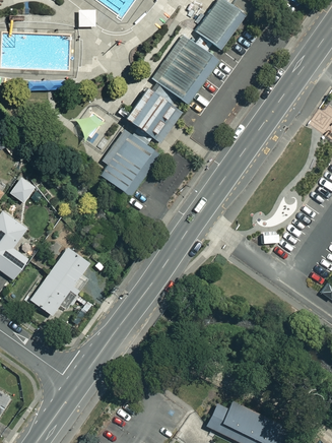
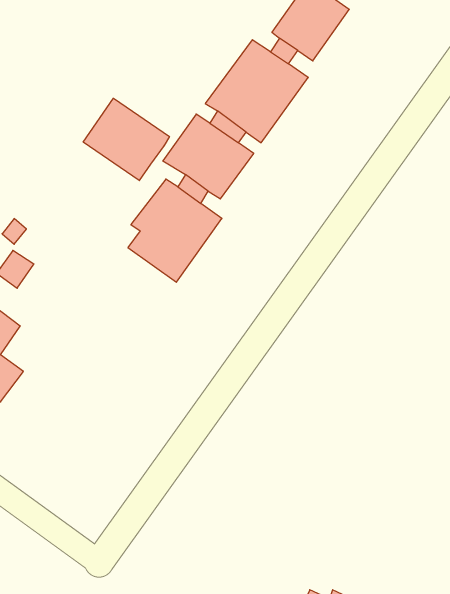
building: none -> [83,98,169,181]
building: [29,246,88,313] -> none

